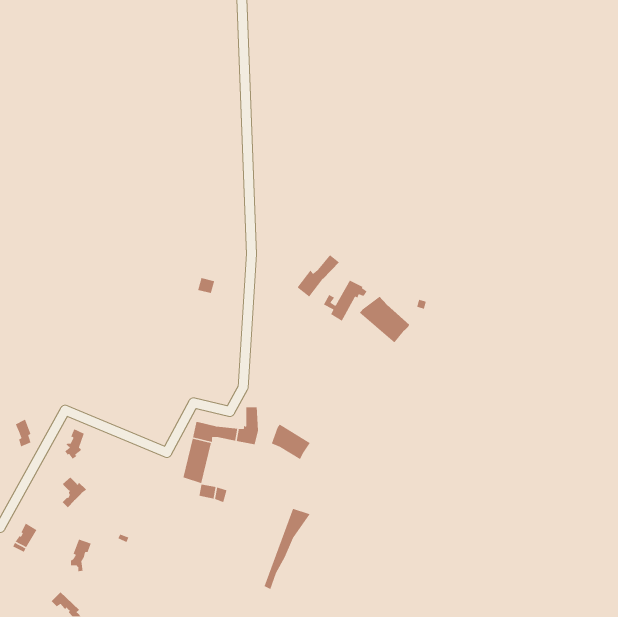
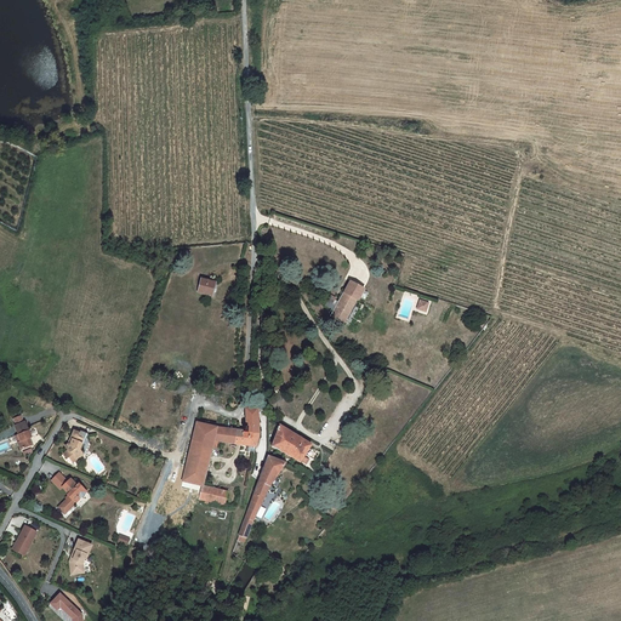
building: [296,254,340,297] -> none
building: [359,296,410,344] -> none
building: [264,508,311,590] -> [239,455,286,537]

